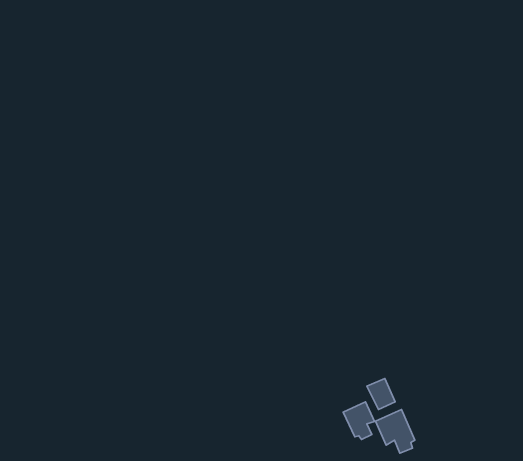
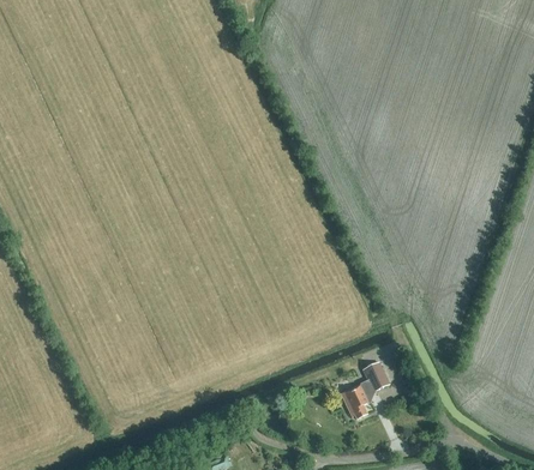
building: [375,410,415,453] -> none

